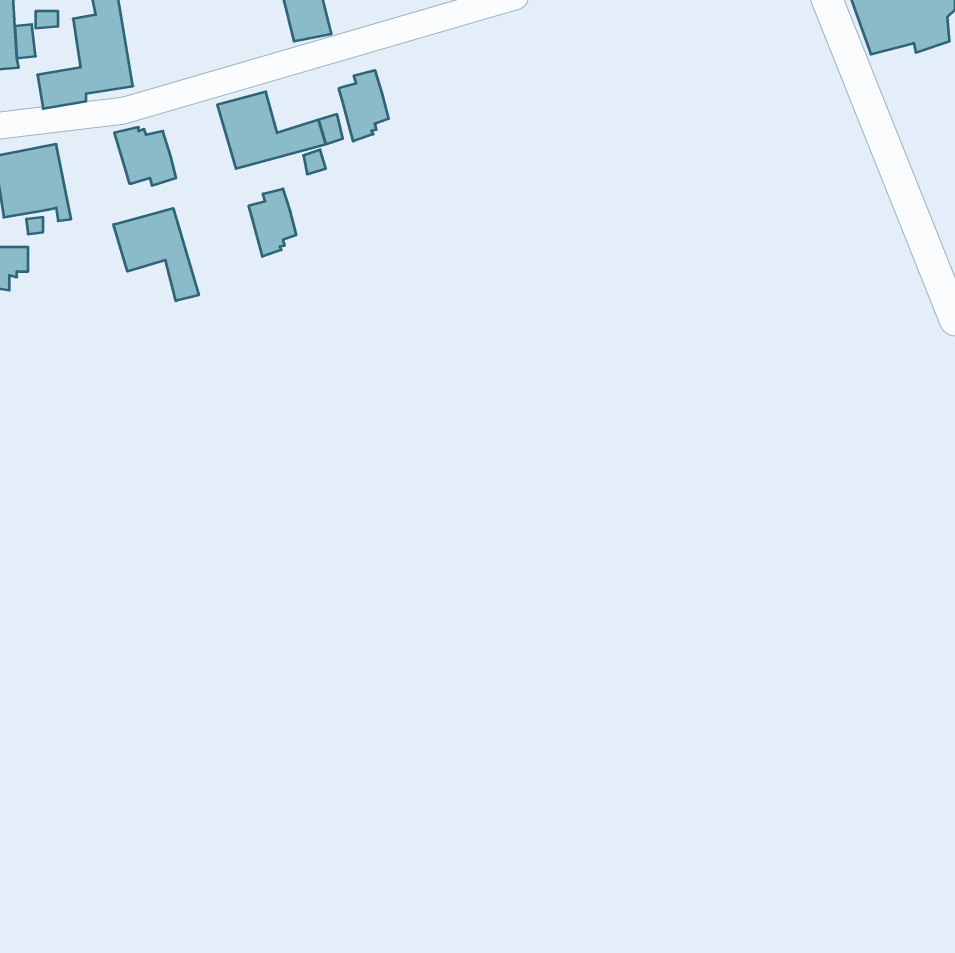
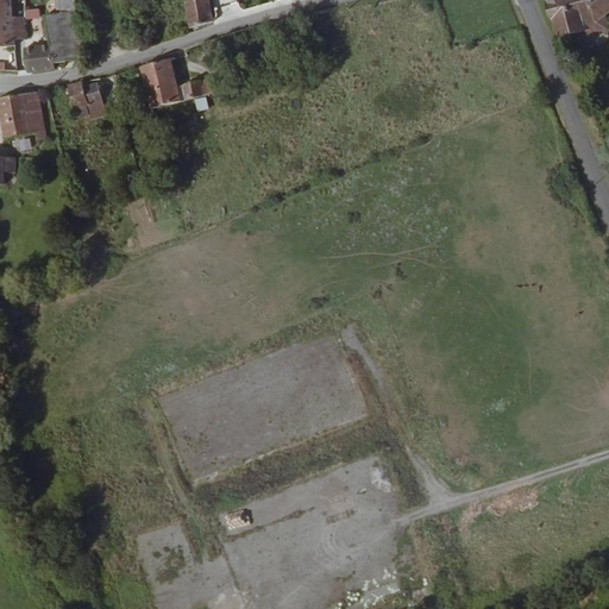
building: [339,70,389,141] -> none
building: [249,189,296,257] -> none
building: [114,208,199,301] -> none

